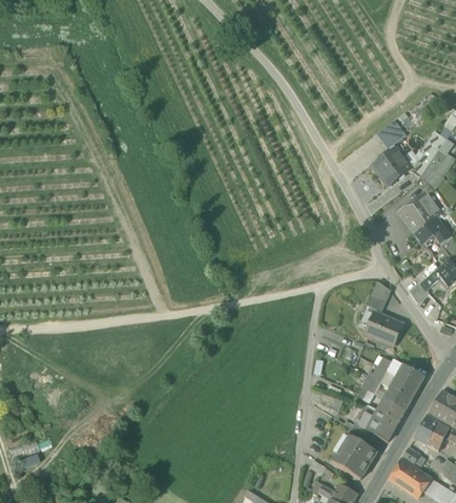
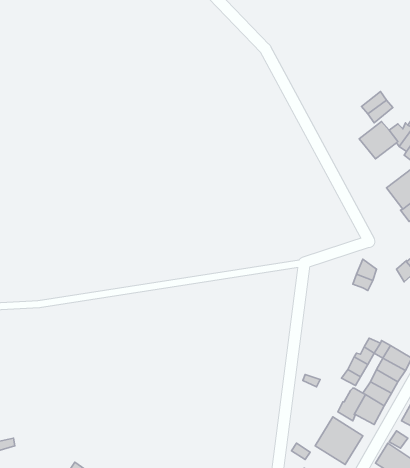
building: [365,312,403,346] -> none

